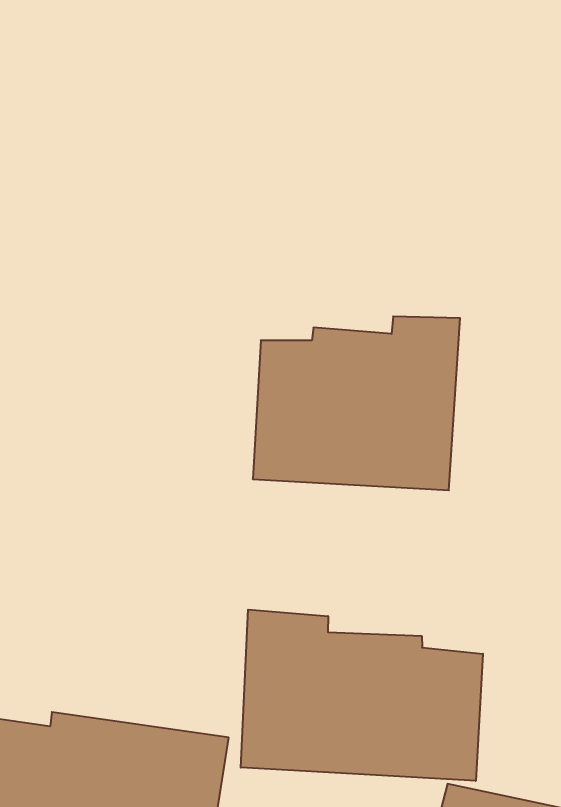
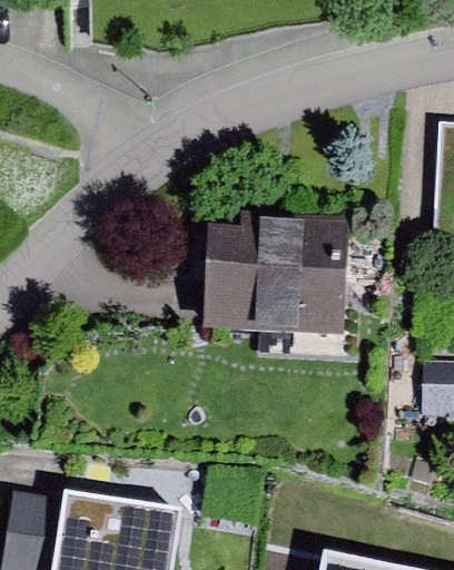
building: [241,610,483,781] -> none

